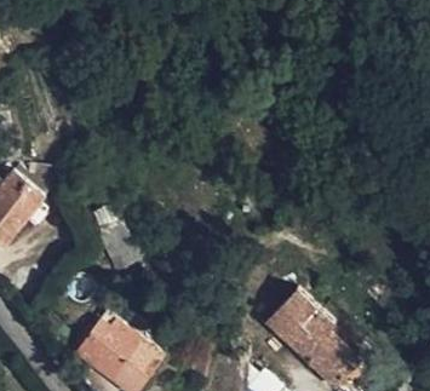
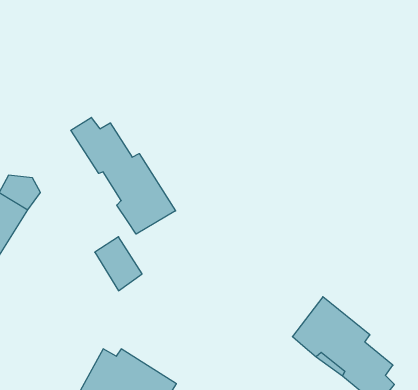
building: none -> [71,117,176,234]

